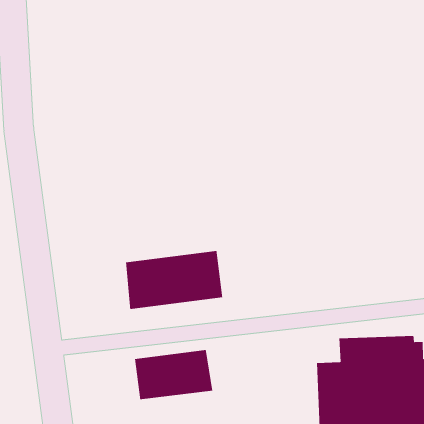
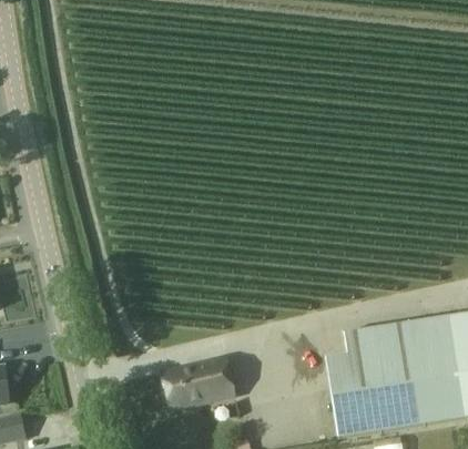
building: [125,250,223,310] -> none

